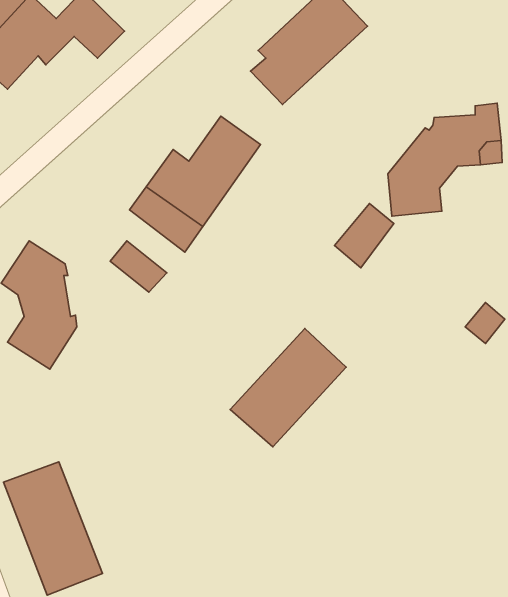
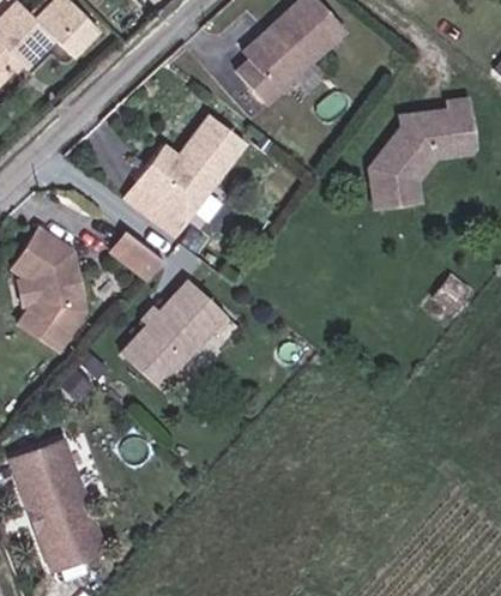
building: [334,204,394,268] -> none
building: [230,328,346,447] -> [115,278,223,389]

